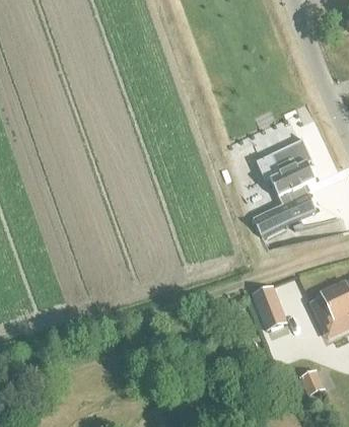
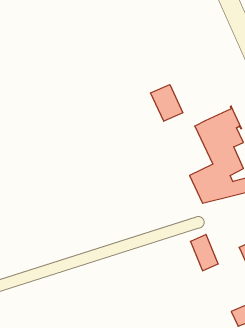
building: none -> [151,85,183,121]

